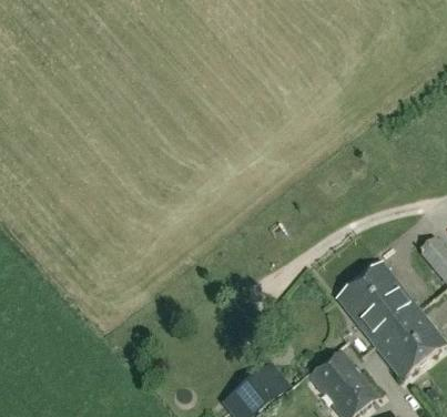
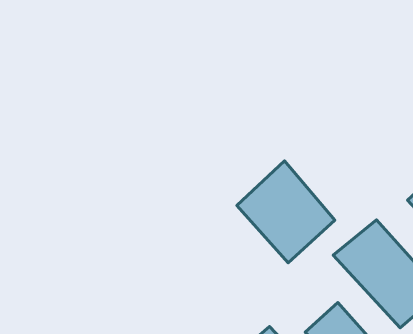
building: none -> [237,161,335,263]

